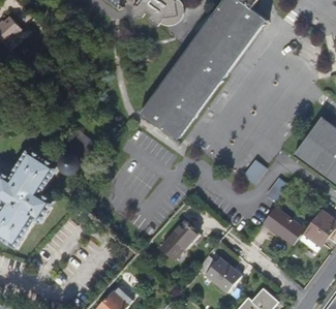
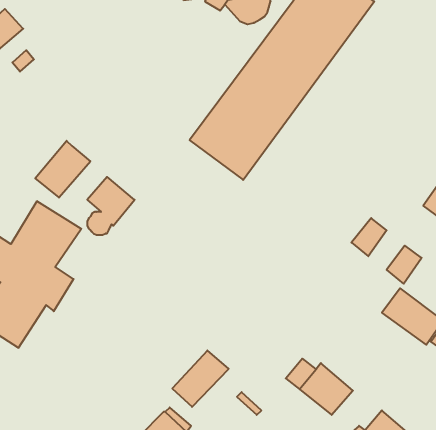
building: none -> [35,141,90,198]
building: [163,222,202,260] -> [172,350,229,407]

